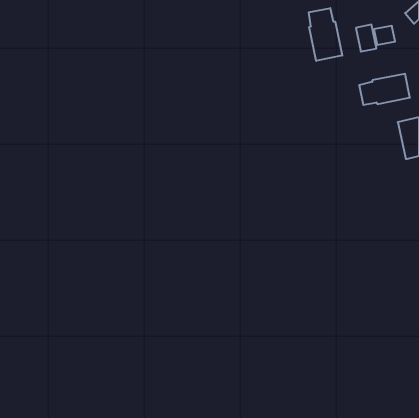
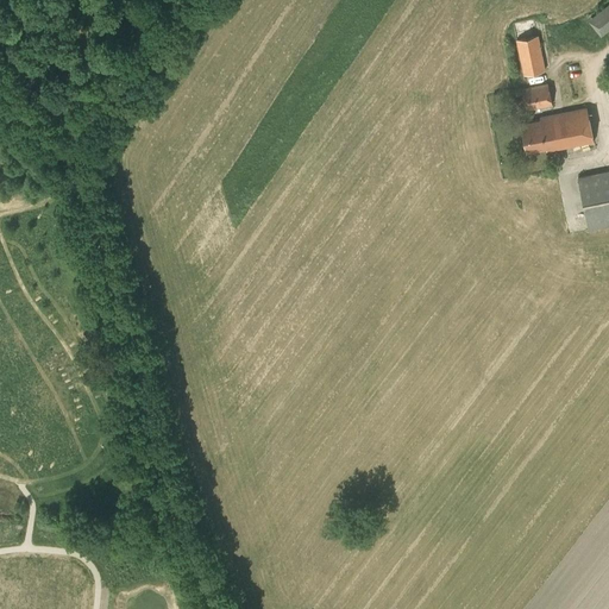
building: [309,8,342,61] -> none
building: [374,26,395,45] -> [522,84,553,112]

